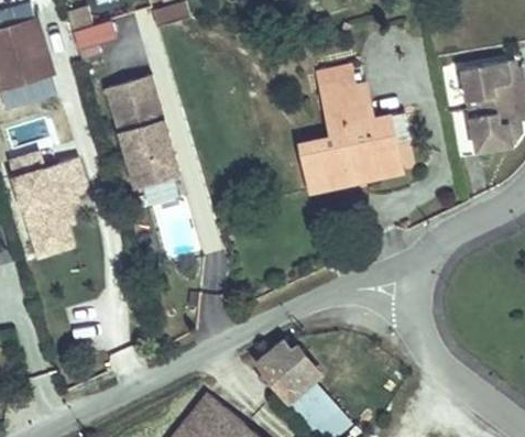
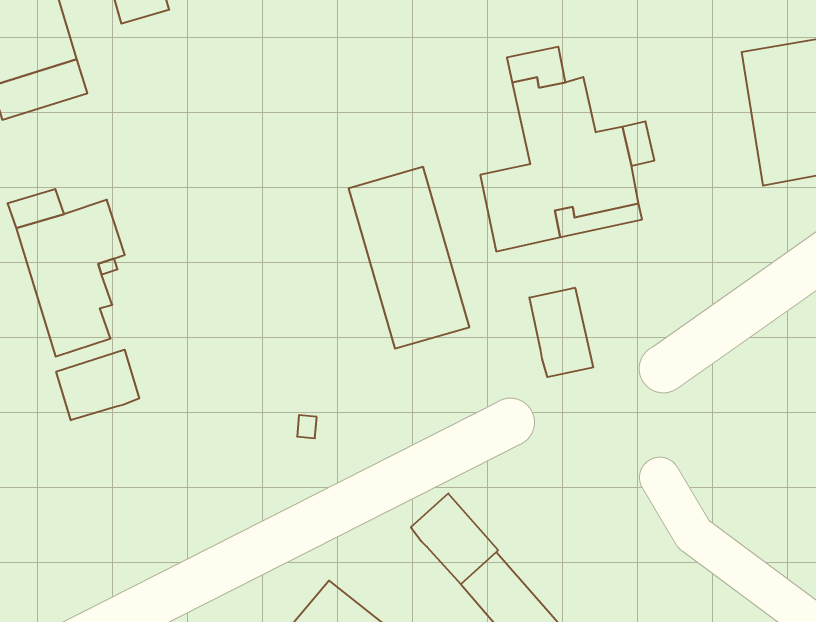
building: [105,75,179,187] -> [349,167,469,348]
building: none -> [529,288,593,377]
building: none -> [56,350,139,420]

